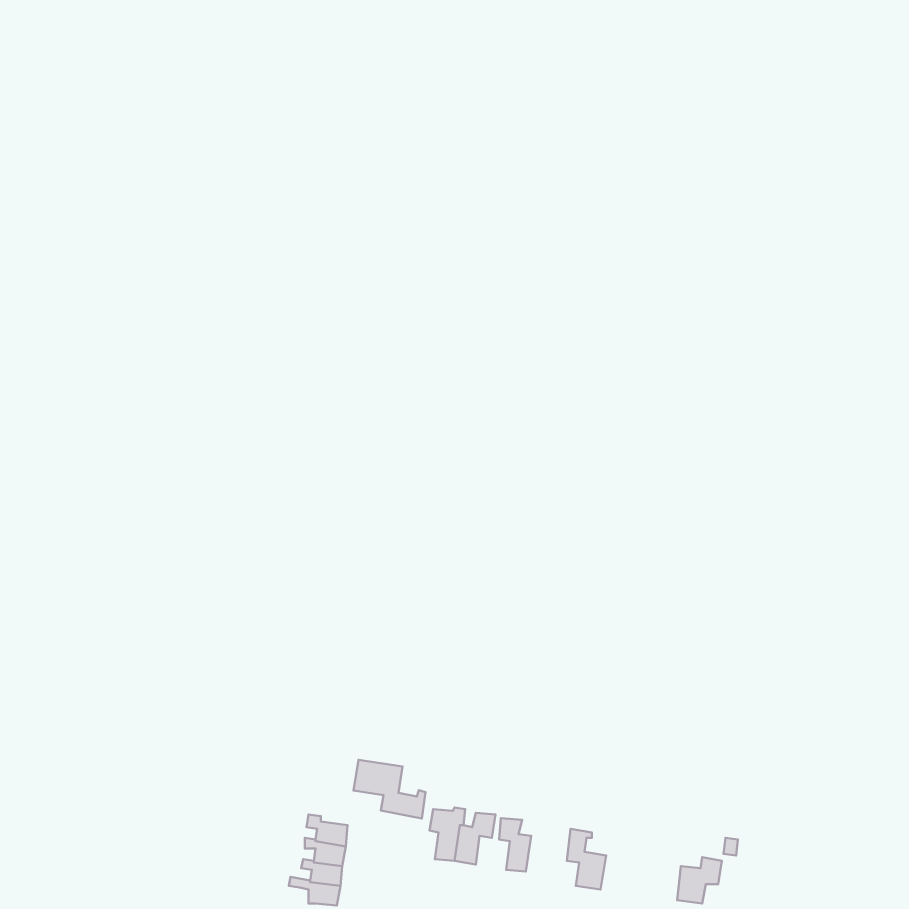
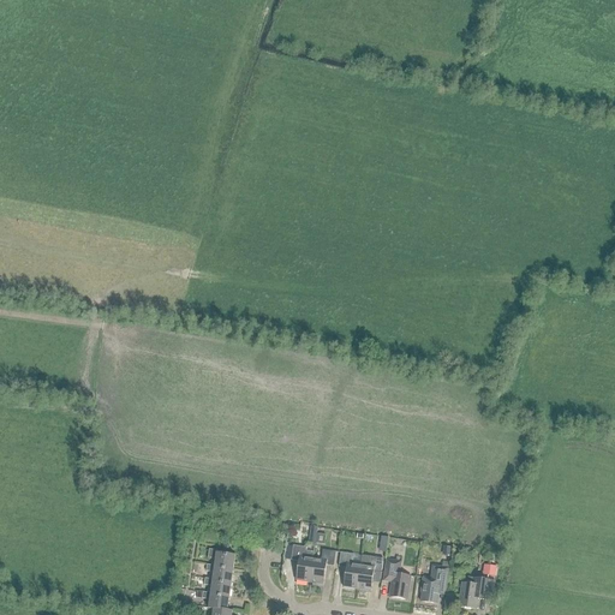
building: [353,760,426,819] -> none
building: none -> [354,555,381,590]
building: none -> [419,566,448,603]

